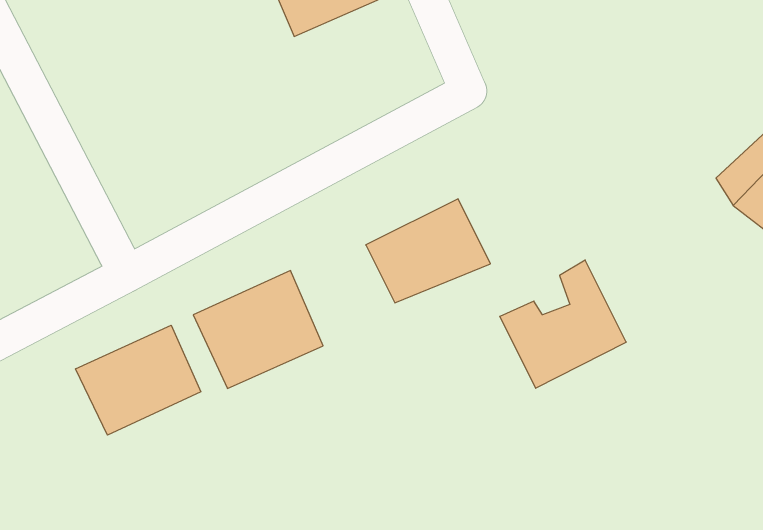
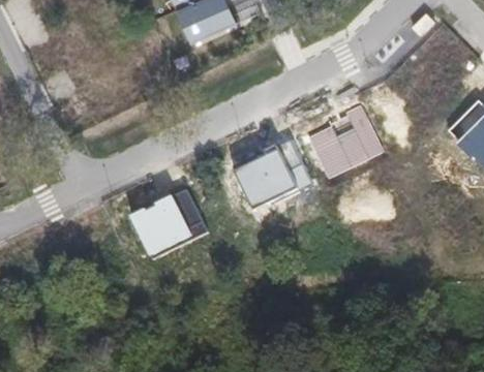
building: [500,260,626,388] -> [305,101,382,179]
building: [76,325,201,435] -> none

